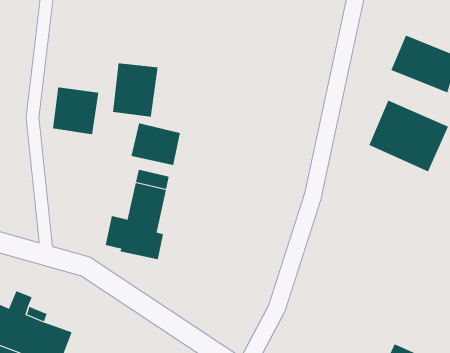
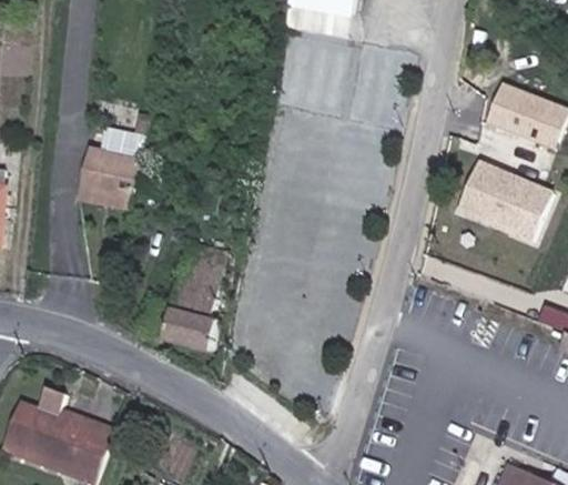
building: [113,62,158,118] -> none
building: [131,123,180,166] -> none

